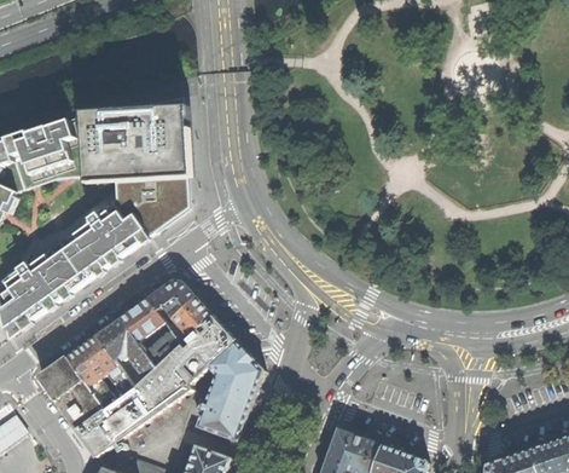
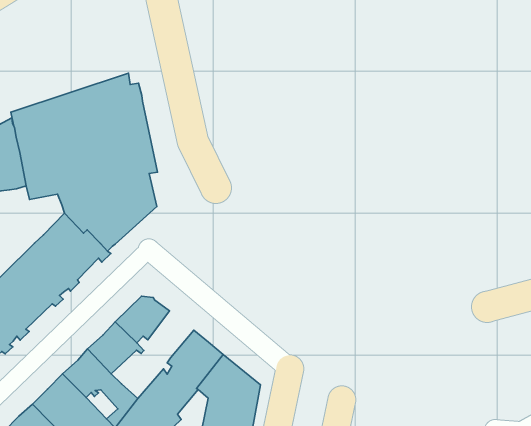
building: [170,296,210,336] -> none
building: [143,329,180,367] -> none

